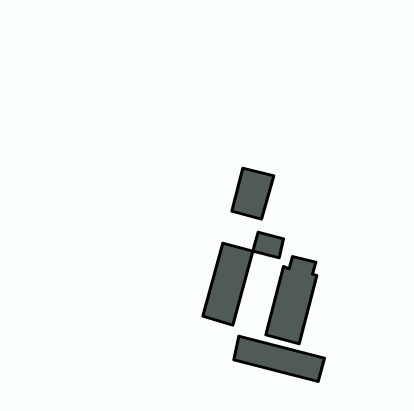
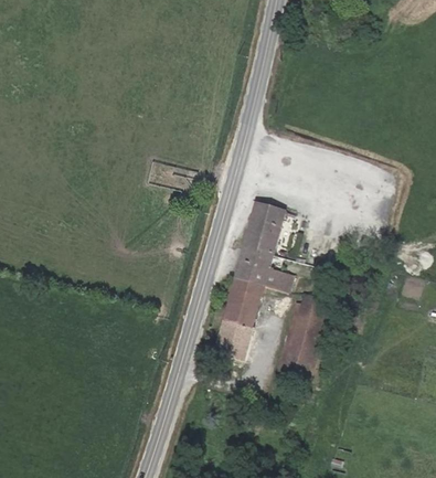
building: none -> [234,246,273,286]
building: [234,336,324,381] -> none

